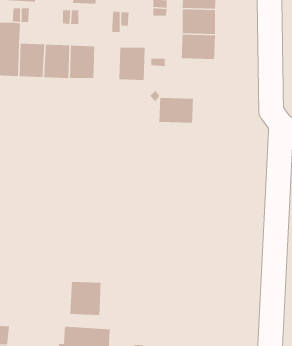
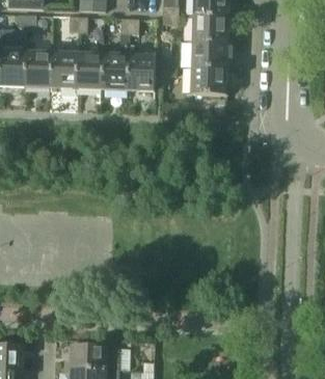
building: none -> [103,54,129,91]
building: [159,97,194,123] -> [191,67,227,94]
building: [70,281,102,316] -> none

